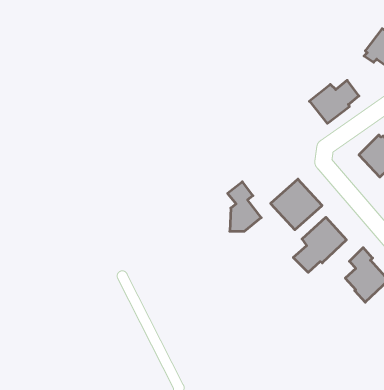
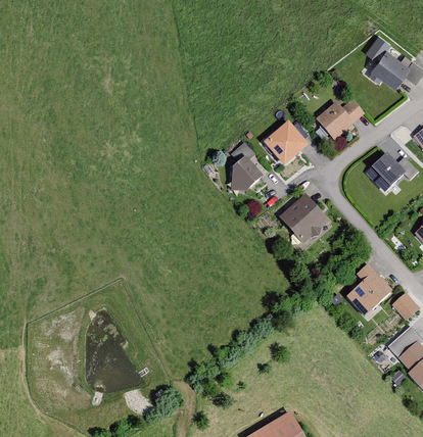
building: none -> [265,122,309,165]
building: [228,182,261,231] -> [230,142,263,190]
building: [293,217,346,272] -> none

